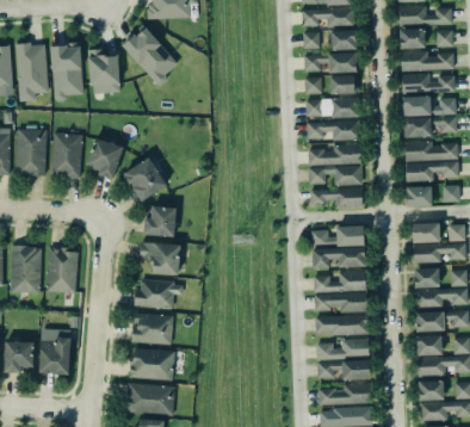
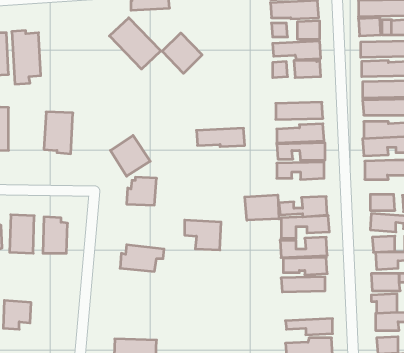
building: [49,41,82,100] -> none
building: none -> [162,33,202,73]
building: [89,50,120,93] -> none
building: [304,97,358,117] -> [196,128,245,147]
building: [17,129,48,177] -> none
building: [85,136,123,177] -> none
building: none -> [245,195,279,220]
building: [141,242,181,276] -> [185,220,221,250]
building: [130,312,172,344] -> none
building: [43,336,72,373] -> none
building: [317,339,370,358] -> none
building: [128,347,174,379] -> none

